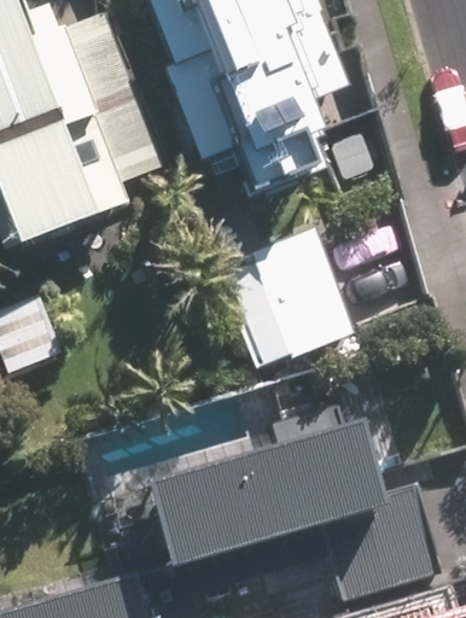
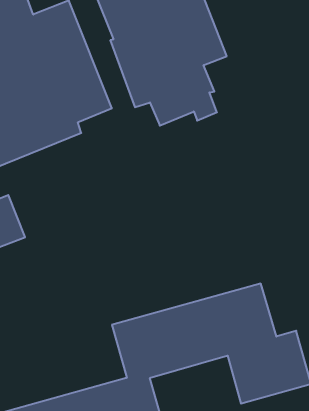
building: [217,220,353,360] -> none

